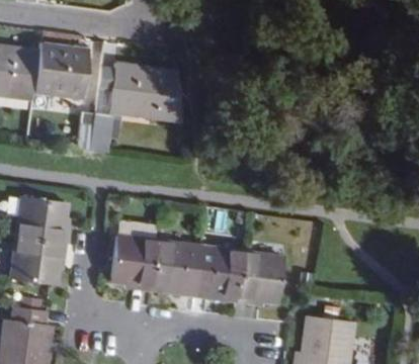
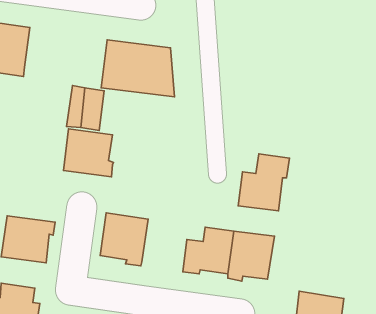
building: [34,42,88,97] -> none
building: none -> [238,154,289,211]
building: [17,197,67,245] -> [63,129,113,177]
building: [151,242,195,294] -> none

